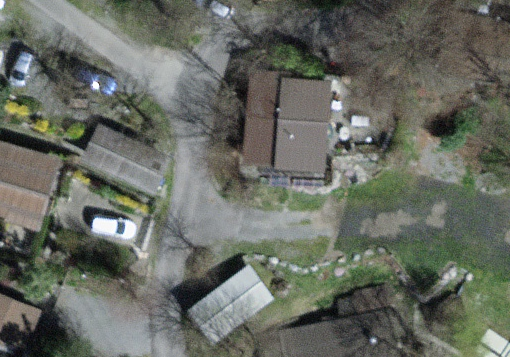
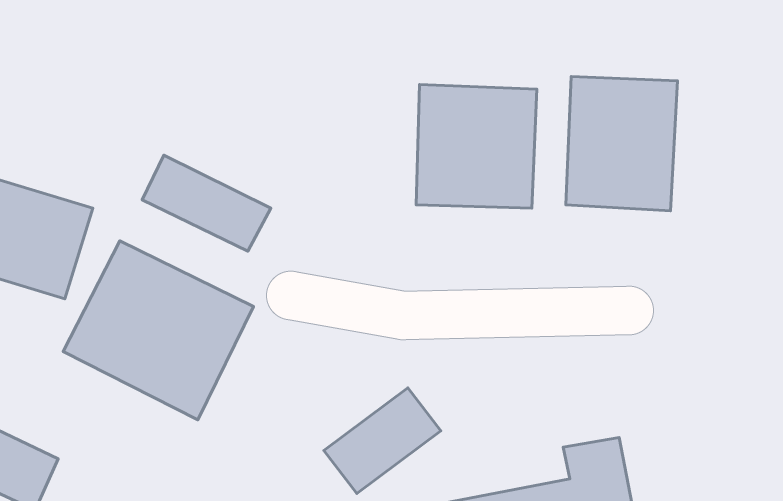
building: none -> [566,77,677,211]
building: none -> [63,241,254,420]

